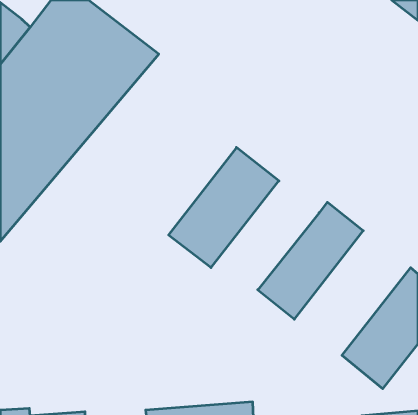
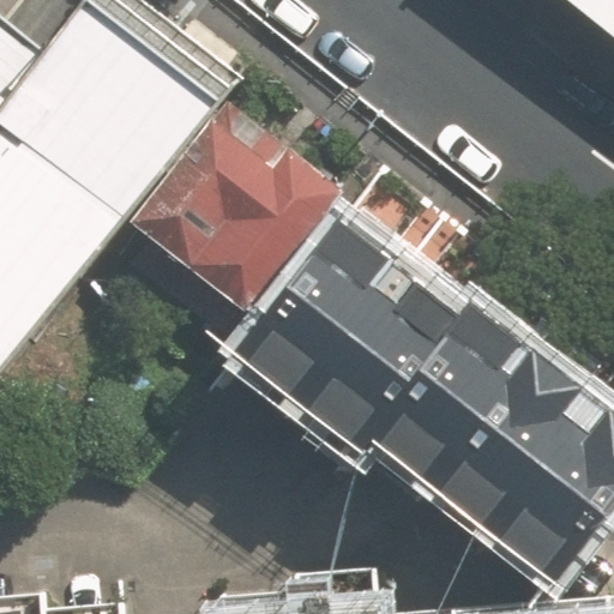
building: none -> [137,114,350,338]
building: none -> [309,270,468,443]
building: none -> [432,343,602,525]

